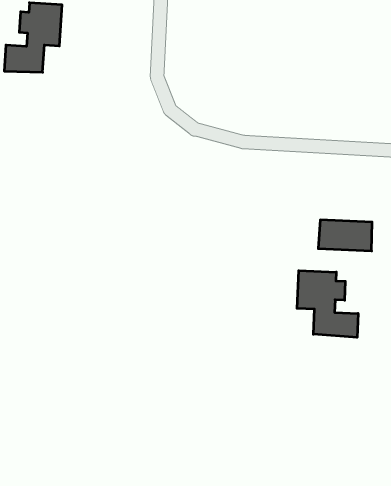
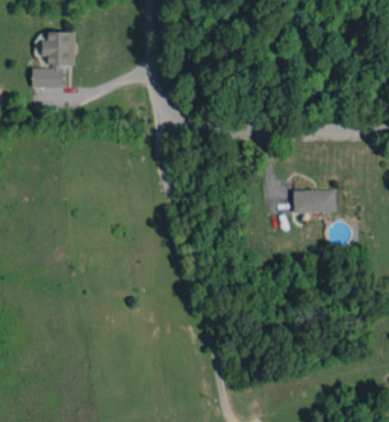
building: [297,271,358,337] -> none

